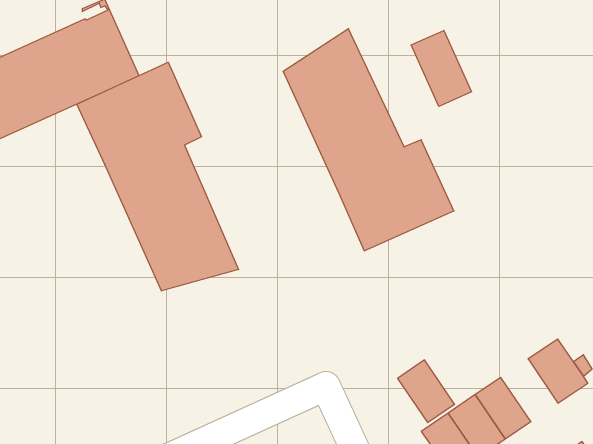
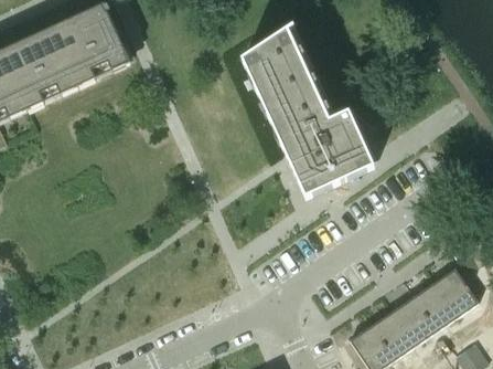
building: [411,30,472,106] -> none
building: [77,62,239,291] -> none
building: [398,360,455,423] -> [410,285,454,334]

